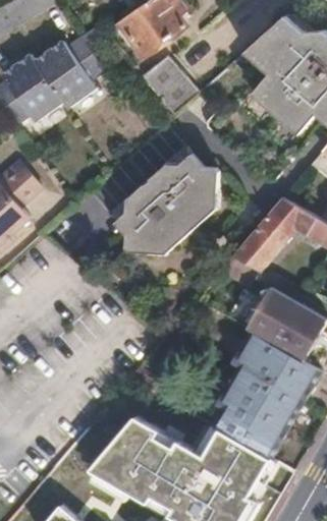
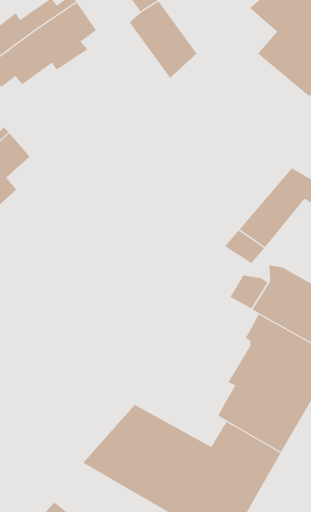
building: [106,143,216,250] -> none

